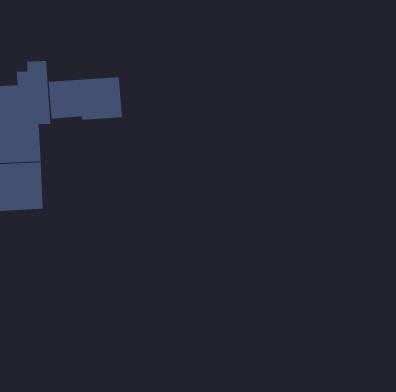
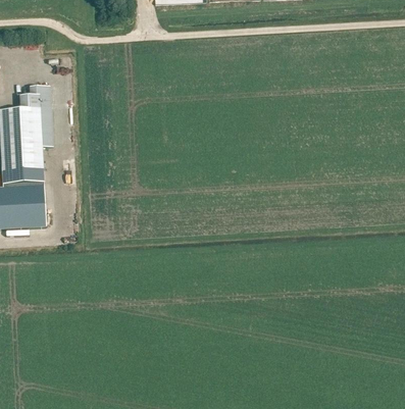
building: [48,76,123,121] -> none

